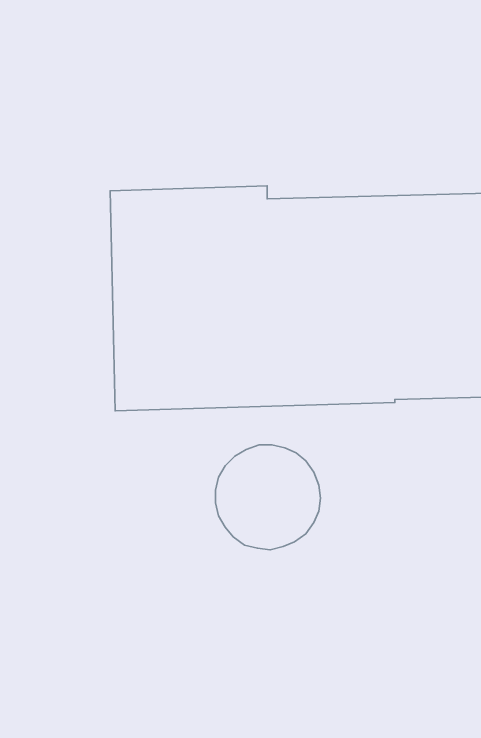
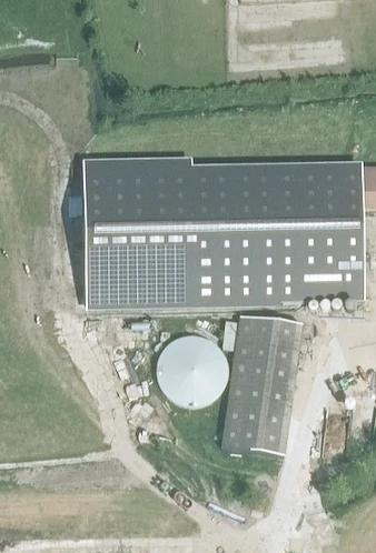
building: none -> [219,315,303,456]

